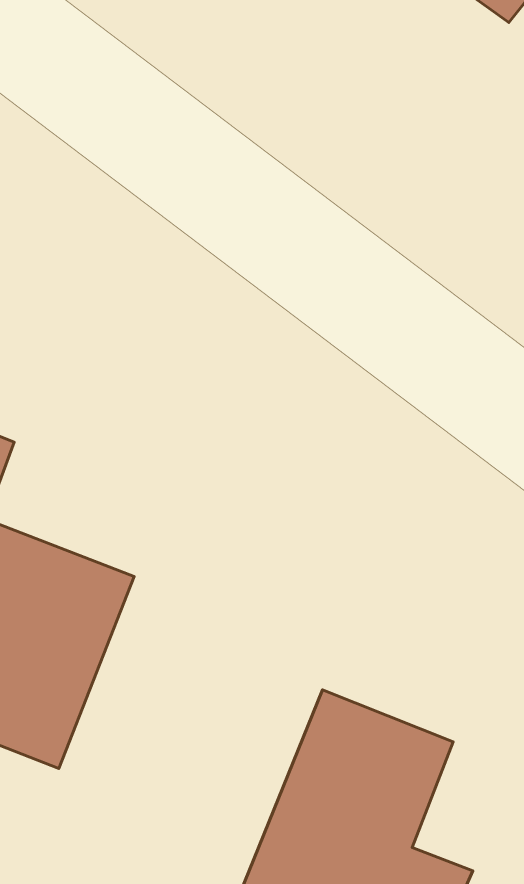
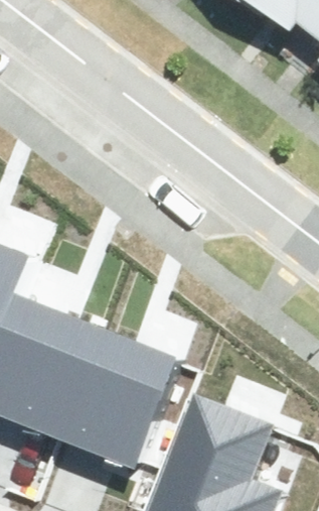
building: none -> [50,329,171,468]

